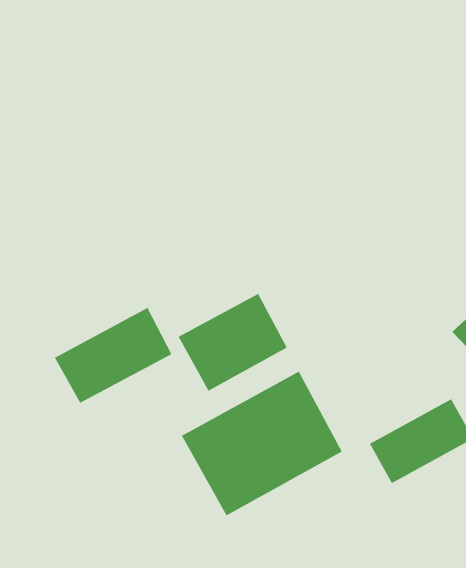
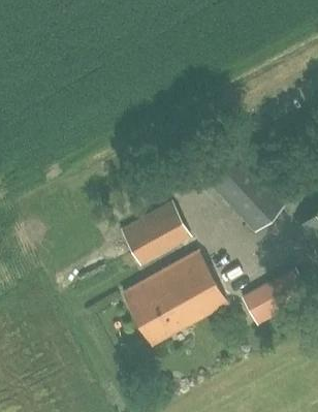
building: none -> [205,151,287,232]
building: [54,307,173,404] -> none

